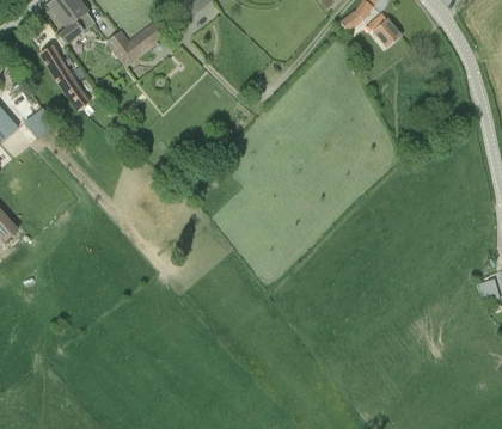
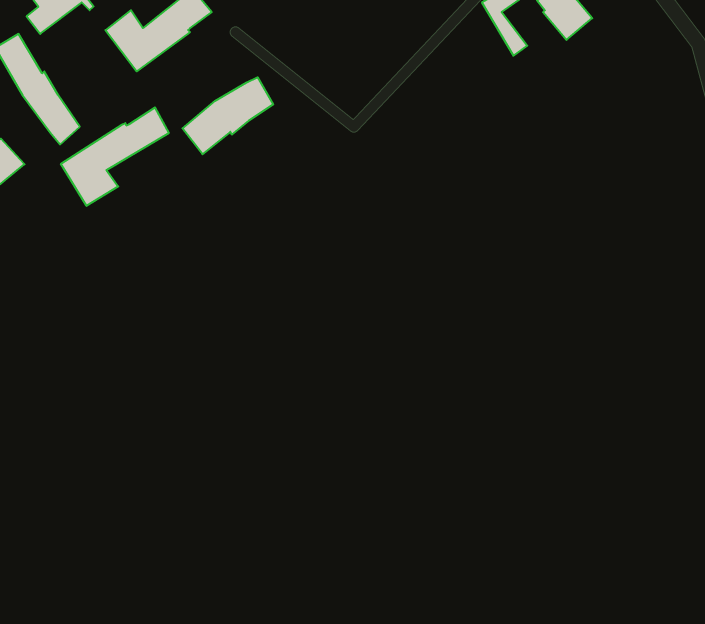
building: none -> [182,77,273,154]
building: none -> [61,107,169,206]

